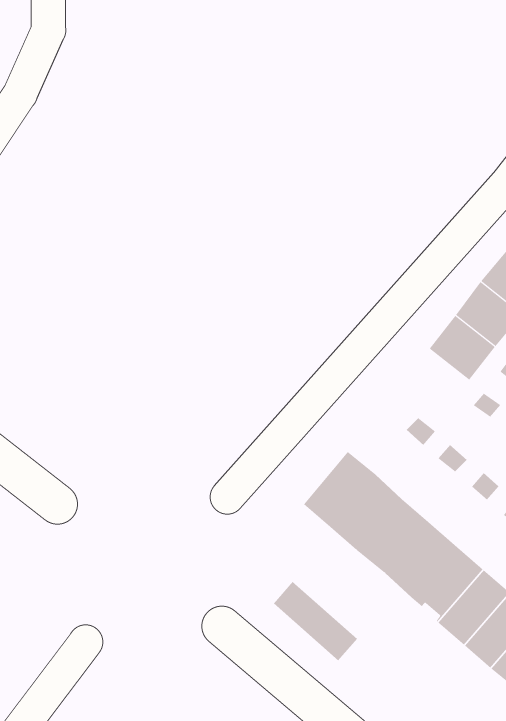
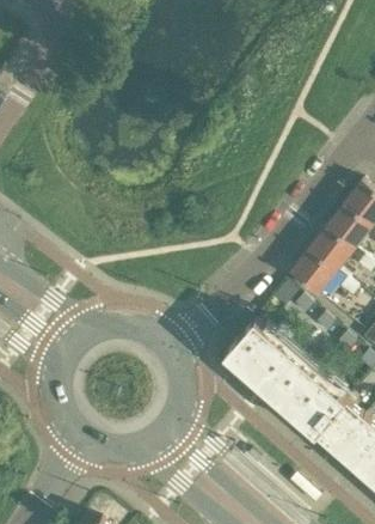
building: none -> [289,250,336,295]
building: [273,581,358,661] -> none

